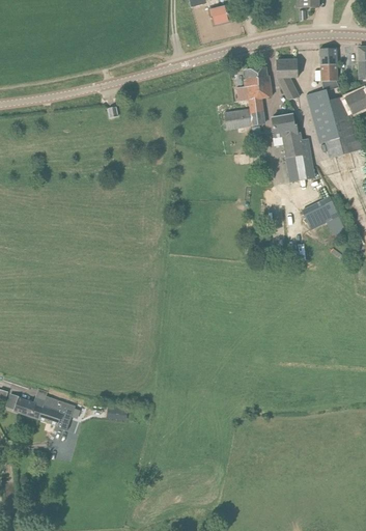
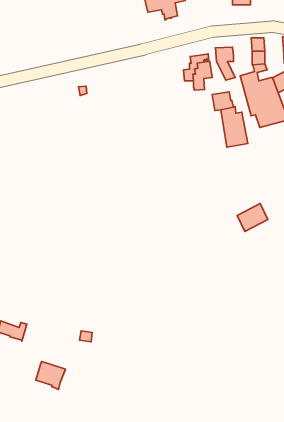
building: [224,107,264,129] -> none
building: [302,195,339,229] -> [237,203,268,231]
building: [38,395,75,429] -> [36,361,65,389]

